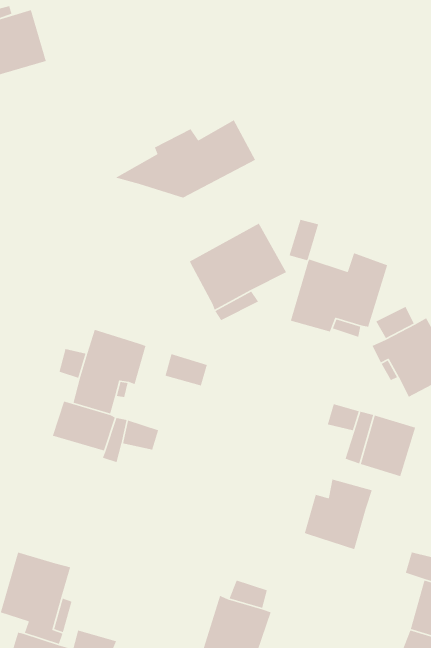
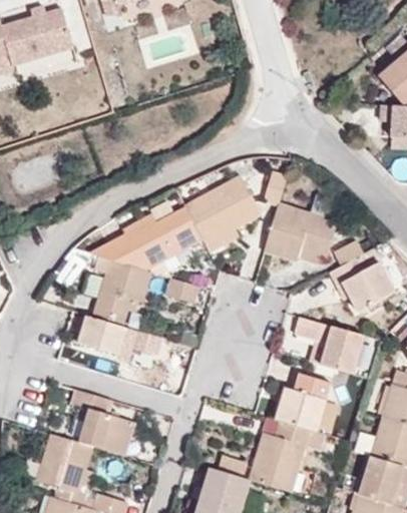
building: [114,119,256,198] -> [92,207,204,270]
building: none -> [76,389,135,455]
building: none -> [250,420,325,493]

